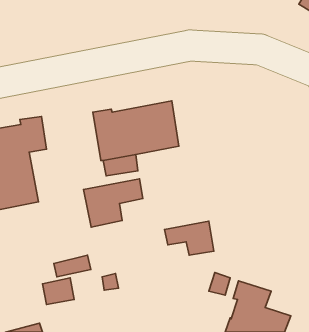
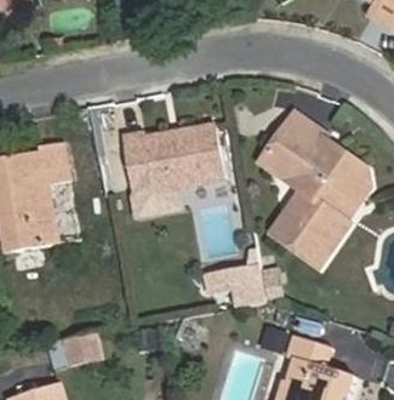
building: none -> [257,112,370,269]
building: [84,179,143,227] -> none

